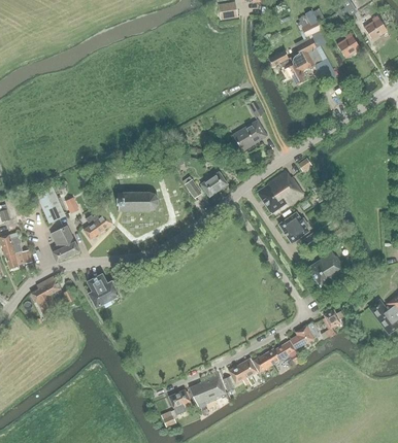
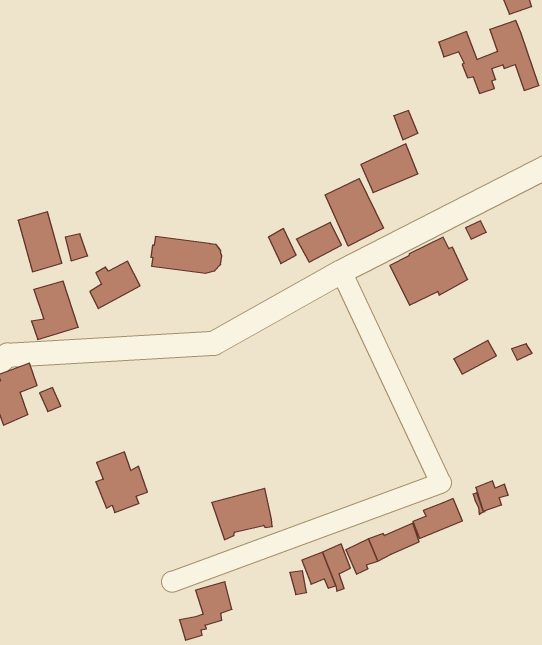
building: none -> [325,179,384,246]
building: [278,212,309,243] -> none
building: [307,249,347,286] -> none
building: [87,273,119,309] -> [96,452,147,513]
building: [189,375,226,408] -> [212,488,272,540]

